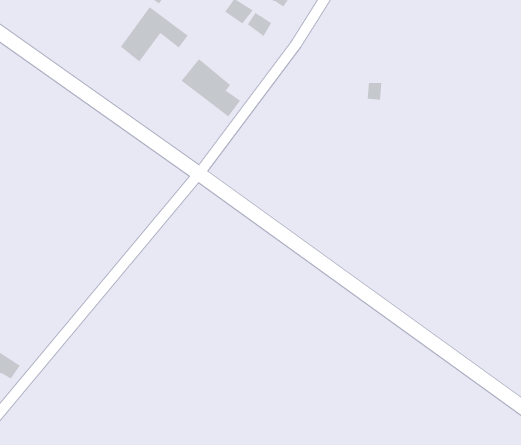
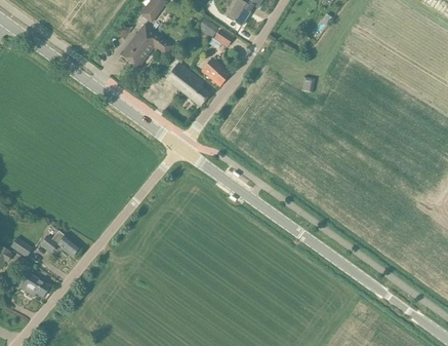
building: none -> [202,59,230,85]
building: none -> [41,230,80,256]

